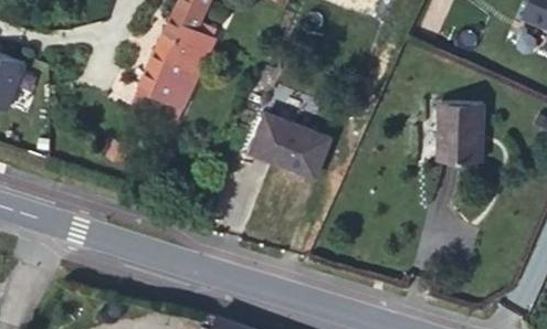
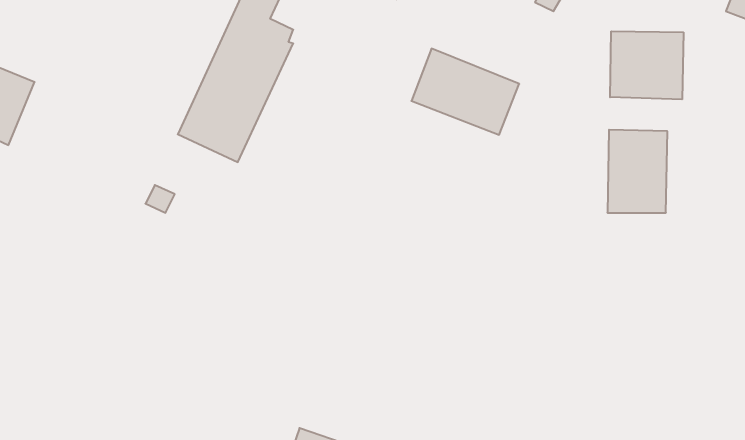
building: none -> [610,31,683,99]
building: [252,114,329,176] -> [411,49,519,135]

